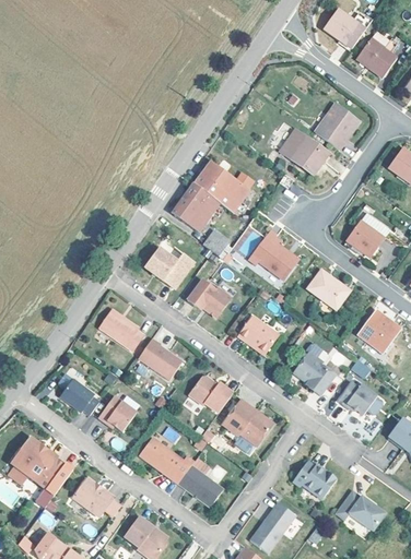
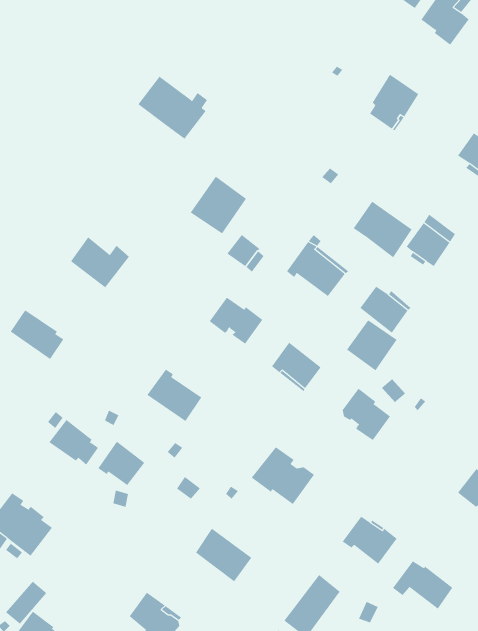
building: [280,127,328,173] -> [353,201,413,258]
building: [193,159,250,211] -> [137,76,208,140]
building: [146,247,195,288] -> [70,237,130,288]
building: [99,310,143,350] -> [10,310,64,360]
building: [359,311,400,353] -> [346,320,398,371]
building: [189,376,233,412] -> none
building: [338,383,381,415] -> none
building: [139,438,193,485] -> none
building: [72,477,114,516] -> none

